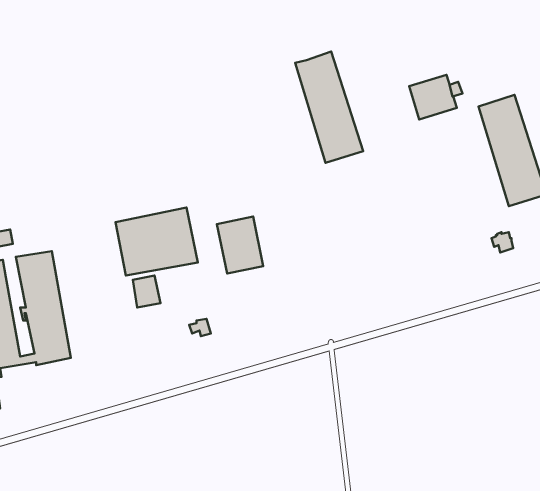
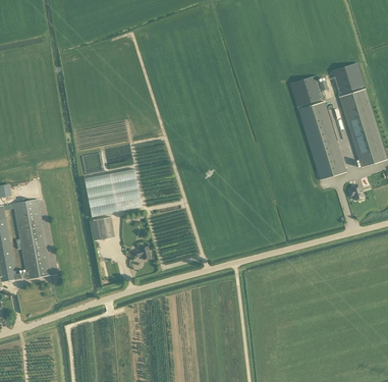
building: [295,51,363,163] -> [297,101,345,179]
building: none -> [330,62,364,94]
building: [217,217,263,274] -> none

